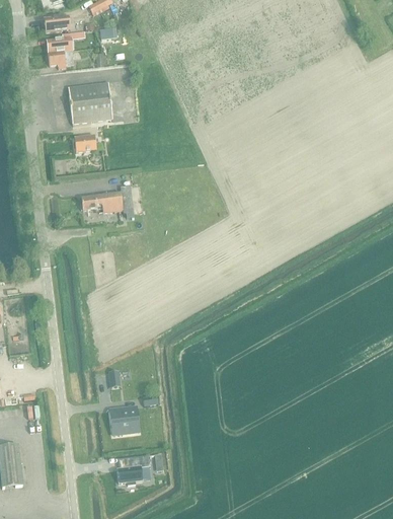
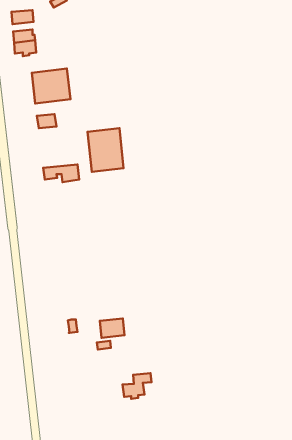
building: none -> [88,128,124,172]
building: [110,405,139,428] -> [100,318,125,338]
building: [117,455,151,485] -> [122,373,152,399]

